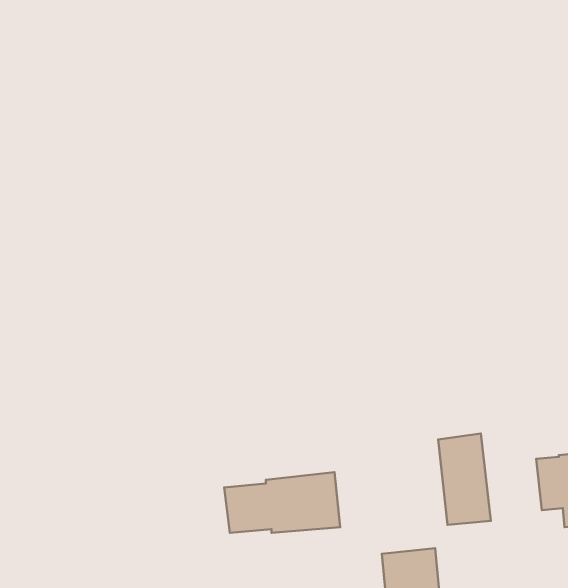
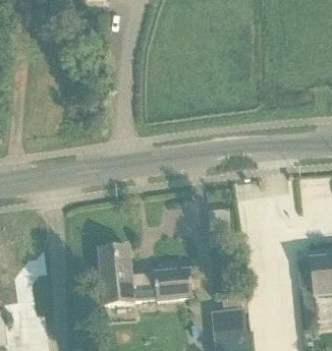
building: [438,433,491,525] -> none
building: none -> [98,246,133,304]

